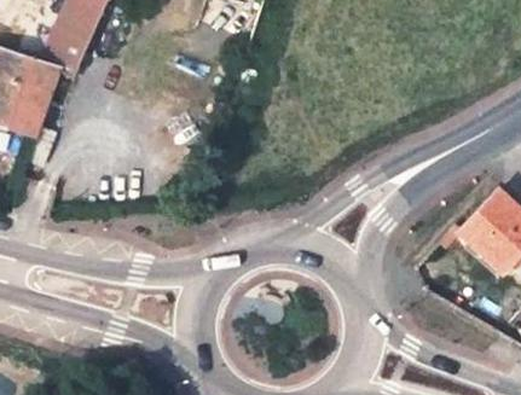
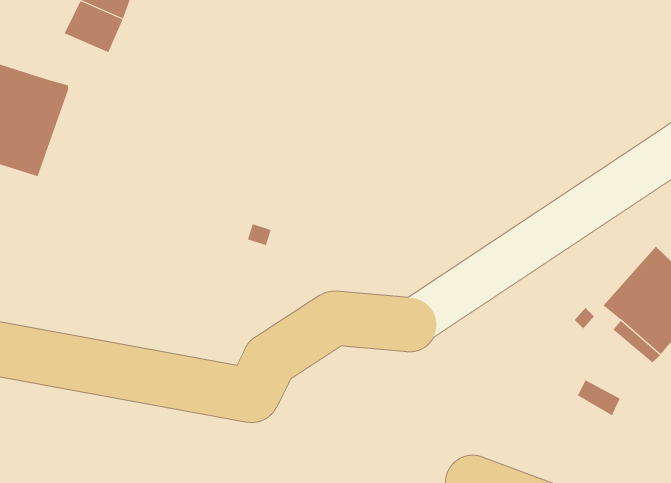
building: [41,27,88,75] -> none

